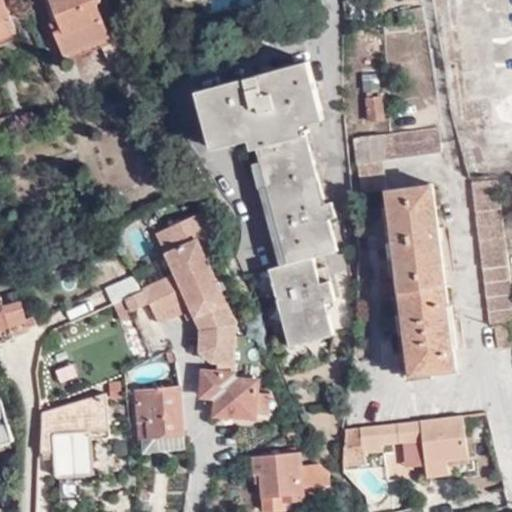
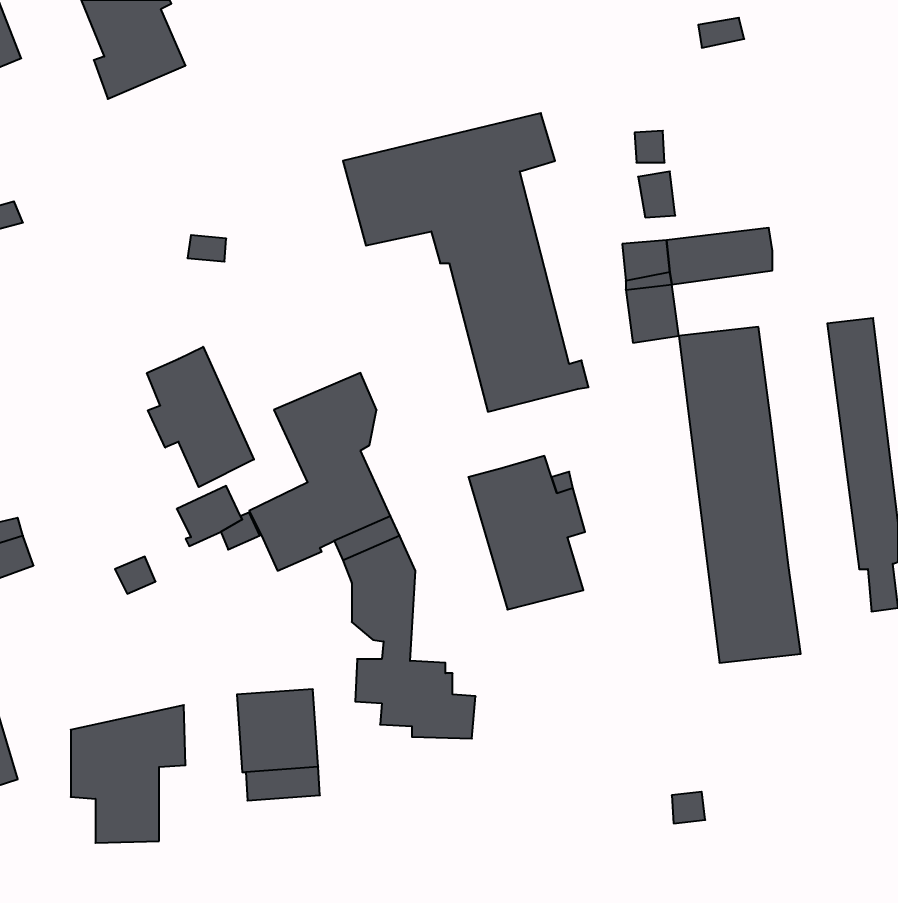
building: none -> [147,347,254,487]
building: [276,220,335,265] -> none
building: [339,416,465,475] -> none
building: [247,454,325,502] -> none

